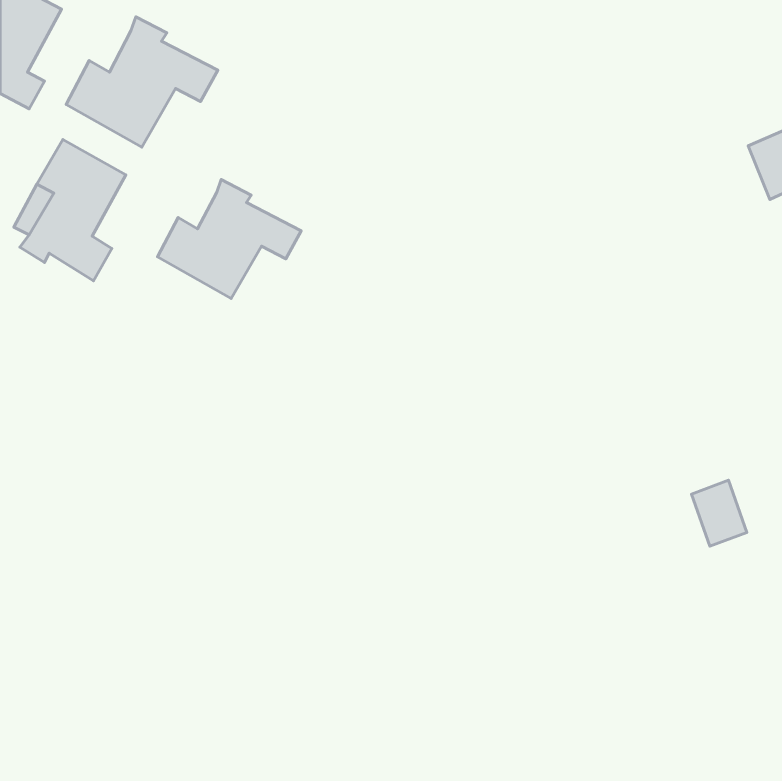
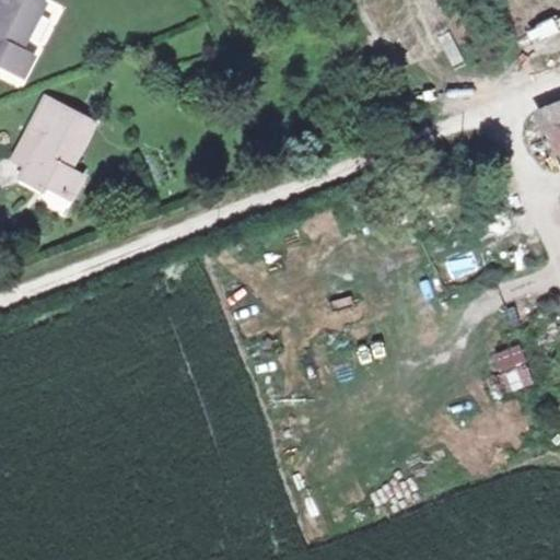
building: [66,17,218,147] -> none
building: [157,179,301,298] -> none

